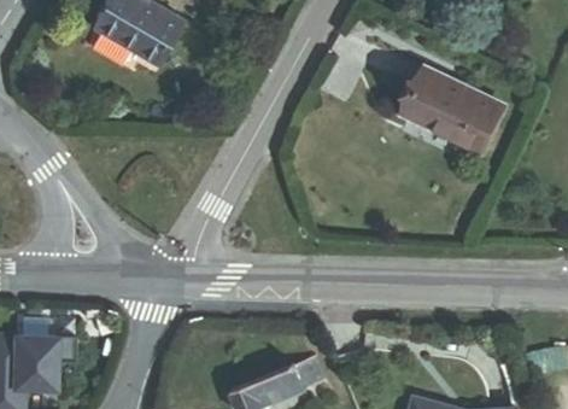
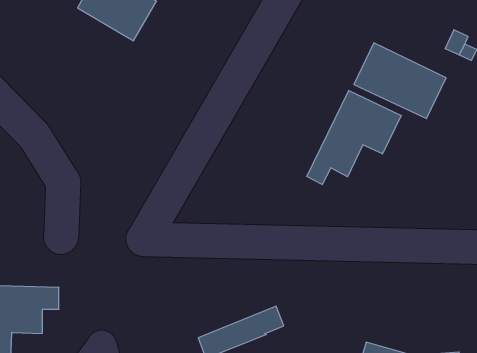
building: none -> [307,90,401,185]

